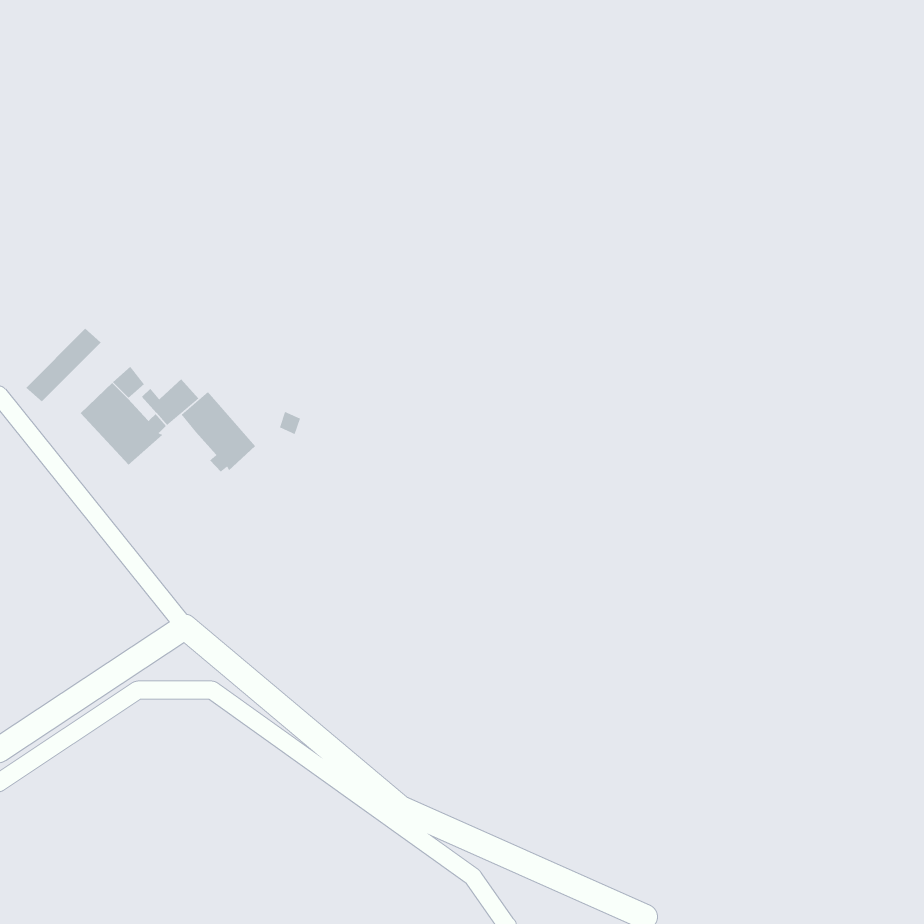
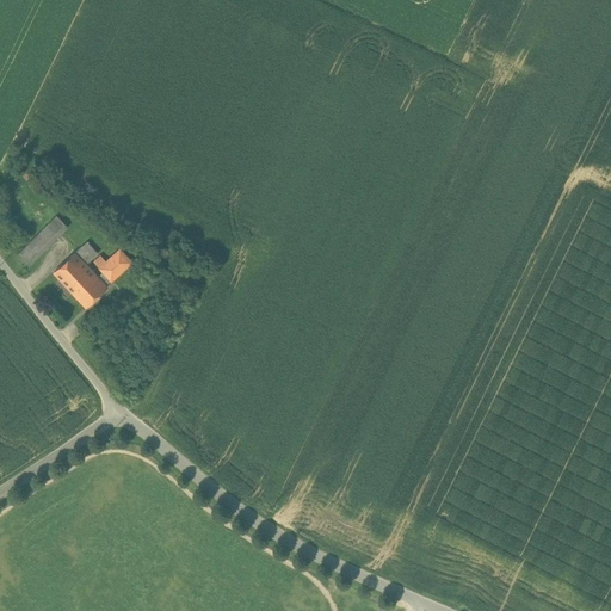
building: [181,391,256,472] -> none

